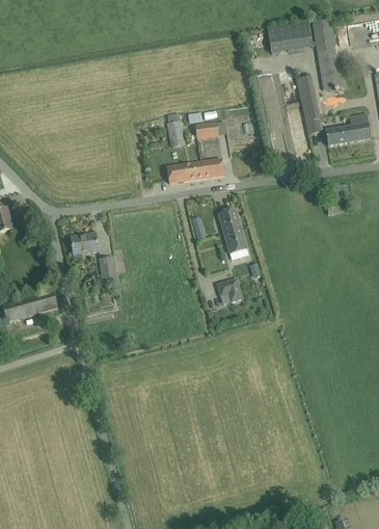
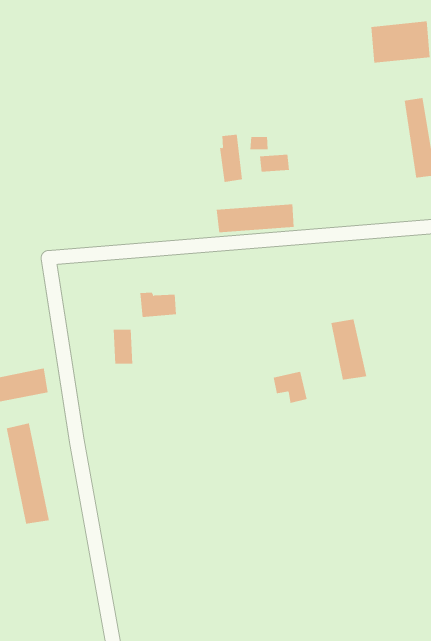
building: [217,208,246,253] -> [331,319,367,380]
building: [70,235,98,254] -> [139,292,177,318]
building: none -> [6,422,50,525]

